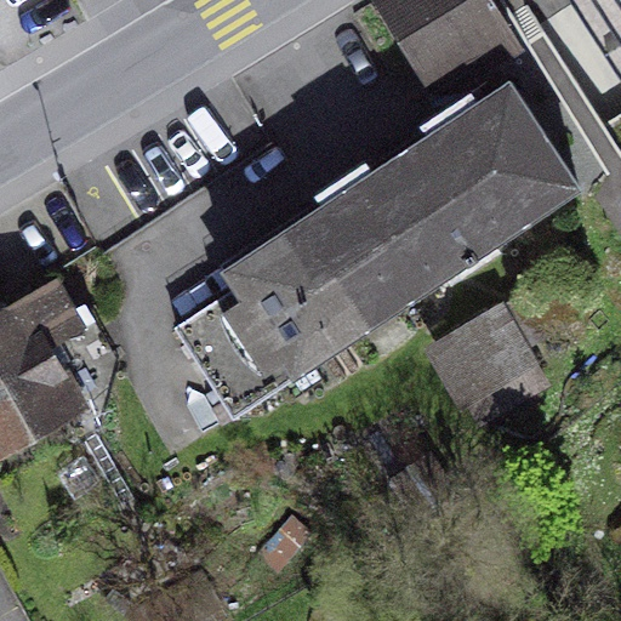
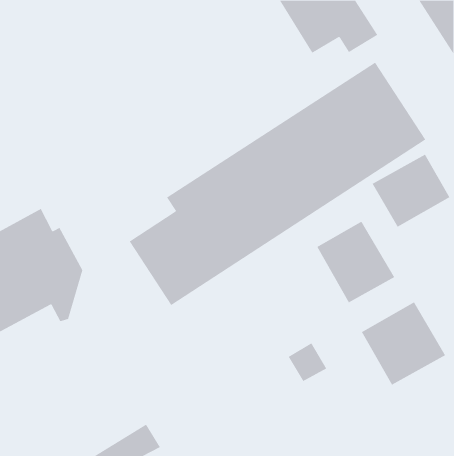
building: none -> [372,154,450,228]
building: none -> [361,302,446,385]

